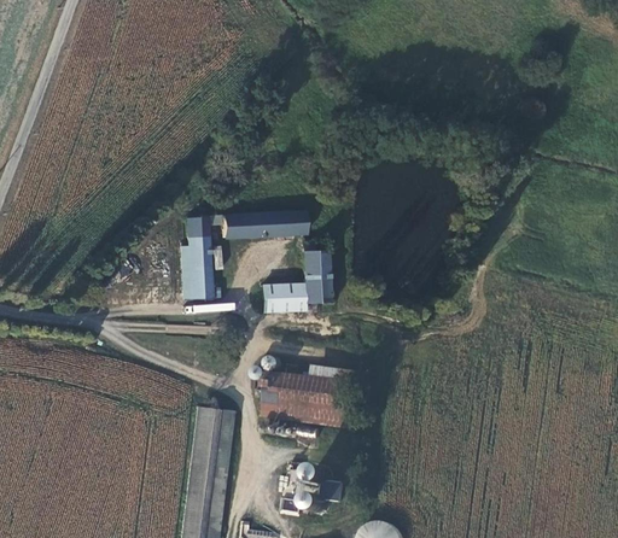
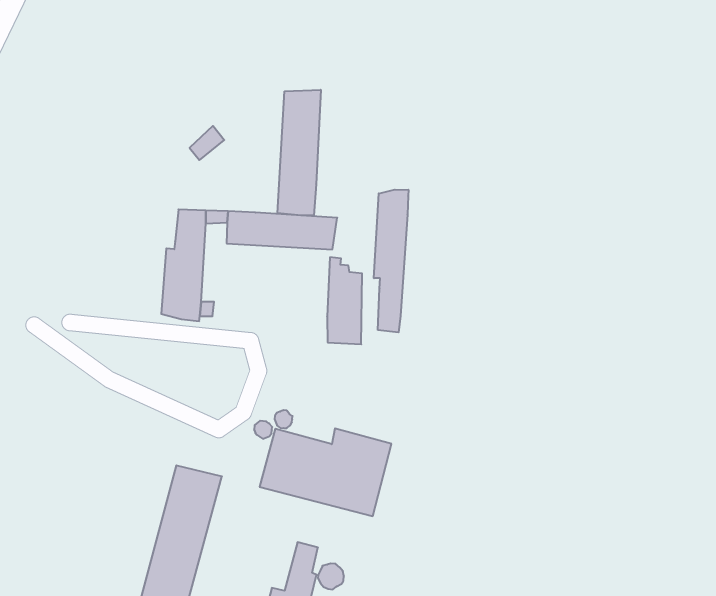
building: none -> [278,90,321,216]
building: none -> [374,190,408,332]
building: [263,286,305,308] -> none

